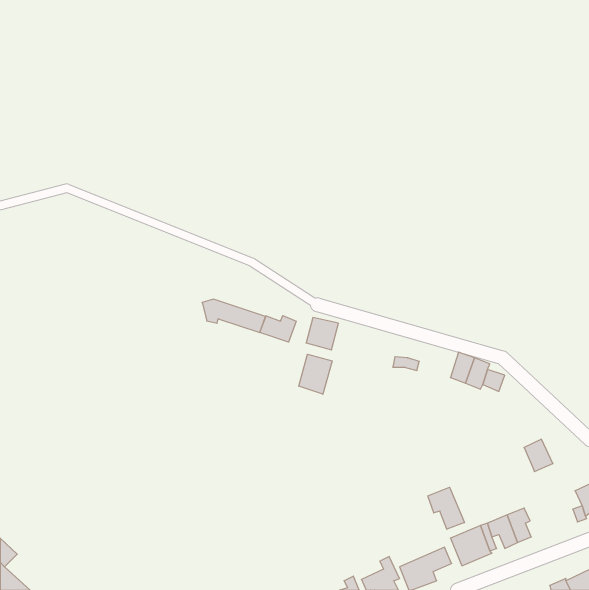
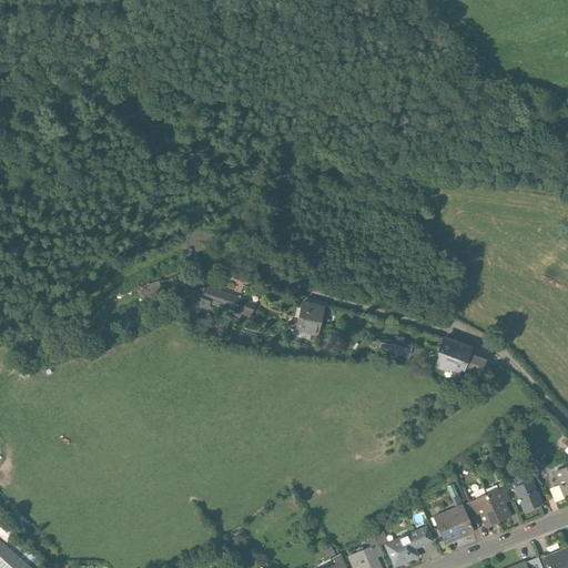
building: [260,316,296,342] -> none
building: [299,354,332,394] -> none
building: [524,439,553,472] -> [515,480,542,511]
building: [428,487,464,529] -> none

